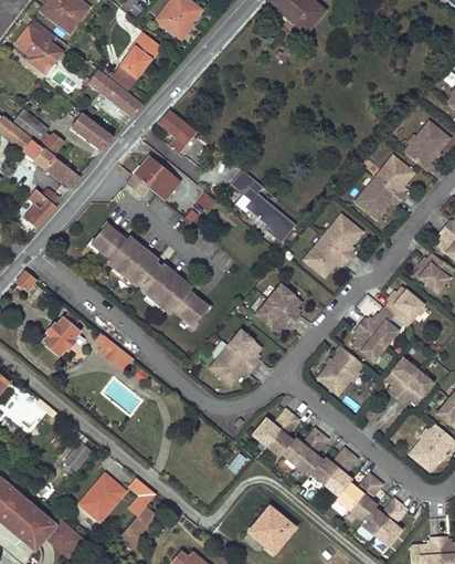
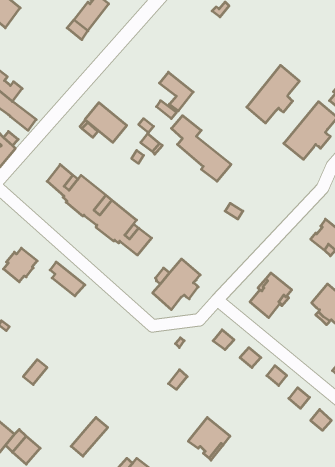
building: [82,70,142,116] -> none
building: [158,109,195,153] -> [159,72,193,111]
building: [71,113,113,149] -> none
building: [304,213,362,278] -> [247,65,299,123]
building: [255,284,301,332] -> none
building: [352,313,399,362] -> none
building: [253,417,402,546] -> none
building: [80,473,126,520] -> none
building: [130,478,157,514] -> none

